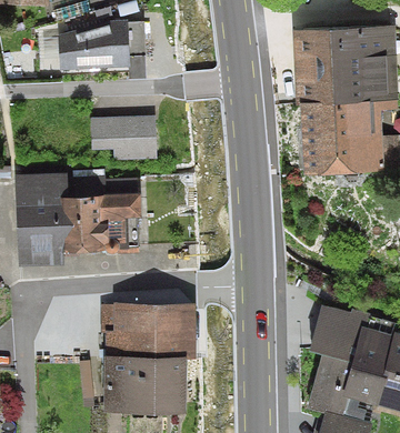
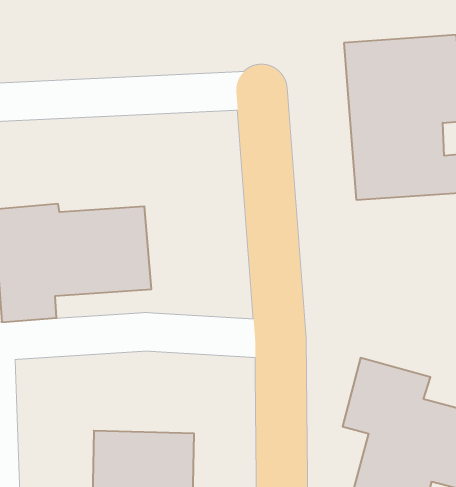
building: [54,21,129,72] -> none
building: [88,115,158,159] -> none
building: [96,303,190,359] -> none

